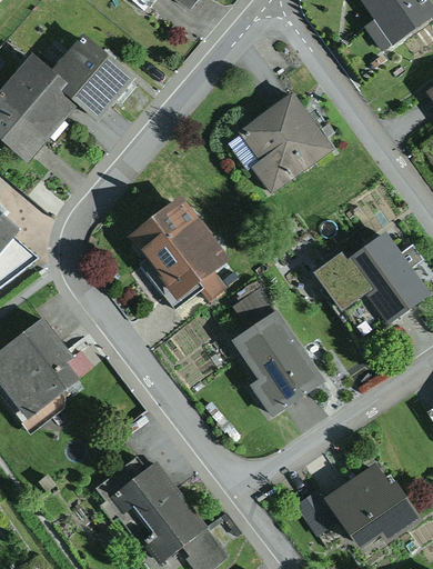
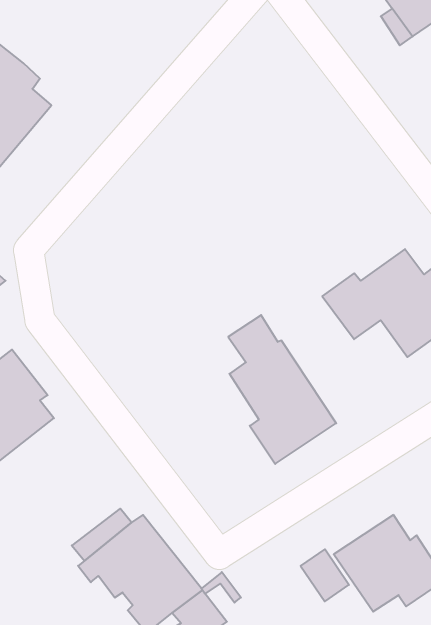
building: [52,32,135,122] -> none
building: [239,92,333,194] -> none
building: [128,196,229,310] -> none

